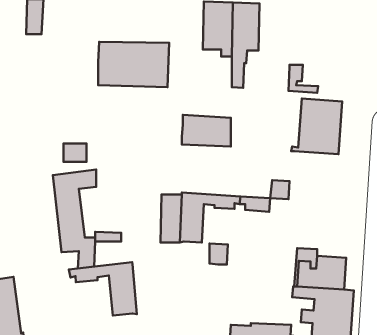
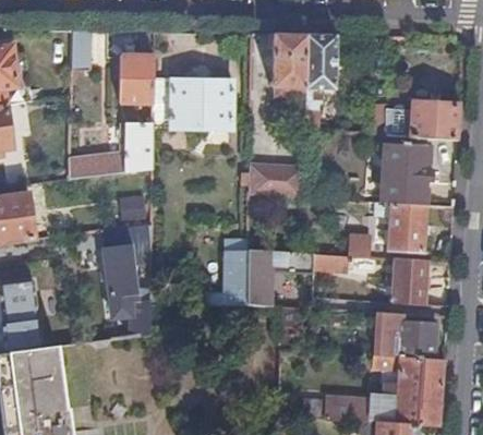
building: none -> [121,53,155,100]
building: none -> [409,100,460,138]
building: none -> [71,122,154,178]
building: none -> [375,202,426,252]
building: none -> [391,258,427,304]
building: [69,262,137,315] -> none

